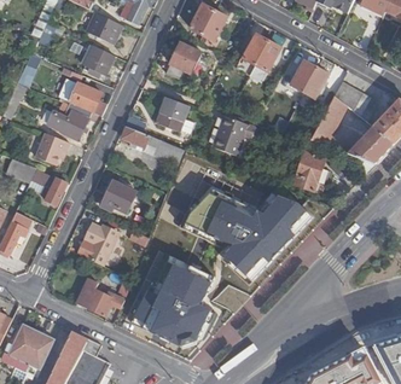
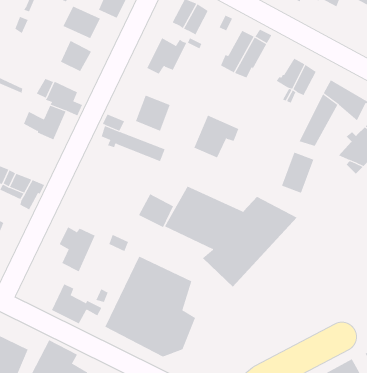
building: [34,132,68,164] -> none
building: [101,180,135,213] -> [138,194,174,228]

